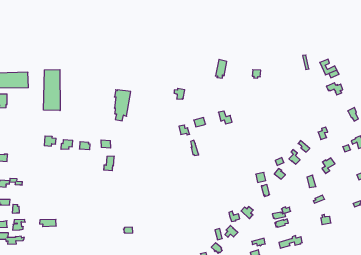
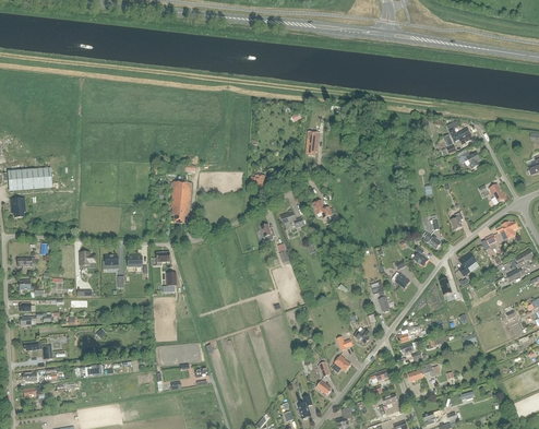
building: [44,70,60,111] -> none

